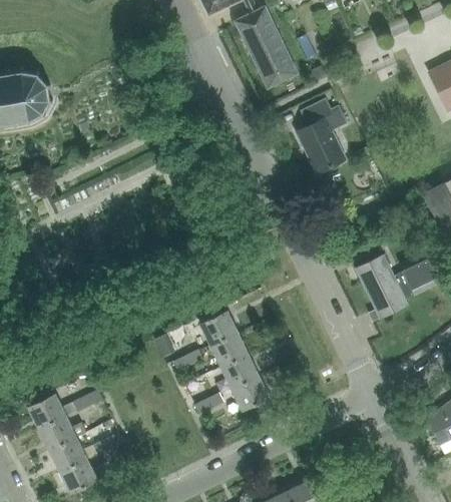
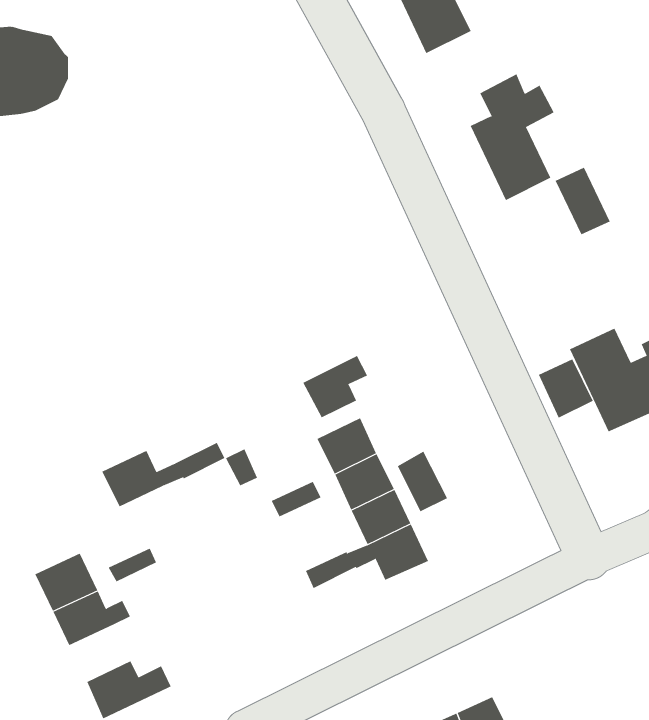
building: none -> [555,167,610,235]
building: none -> [302,355,368,418]
building: none -> [538,358,594,418]
building: none -> [397,451,448,512]
building: [48,432,124,472] -> [101,442,225,507]

